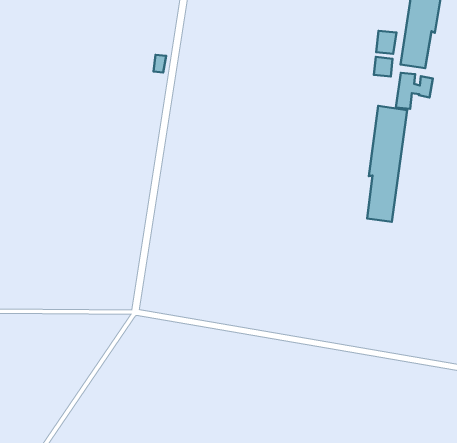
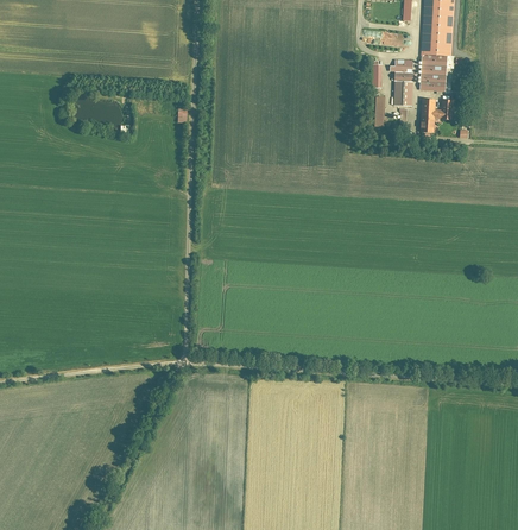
building: [367,106,407,222] -> none

